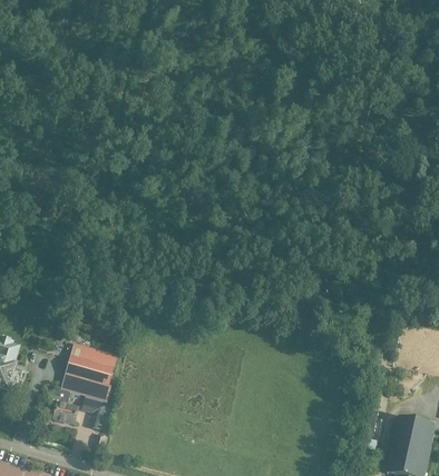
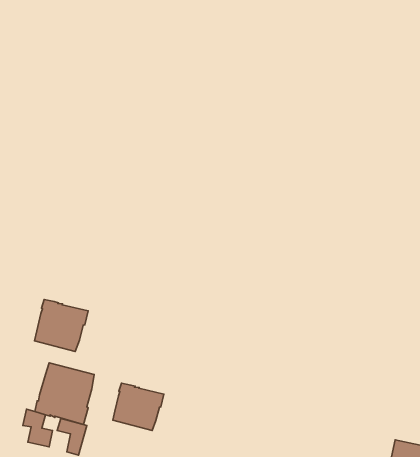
building: none -> [35,300,88,352]
building: none -> [113,383,164,431]

